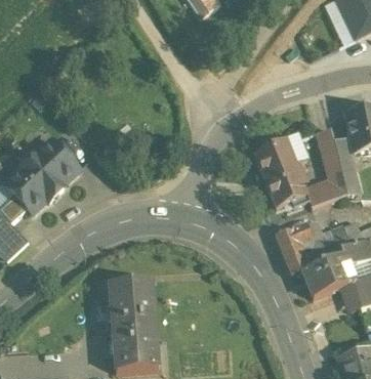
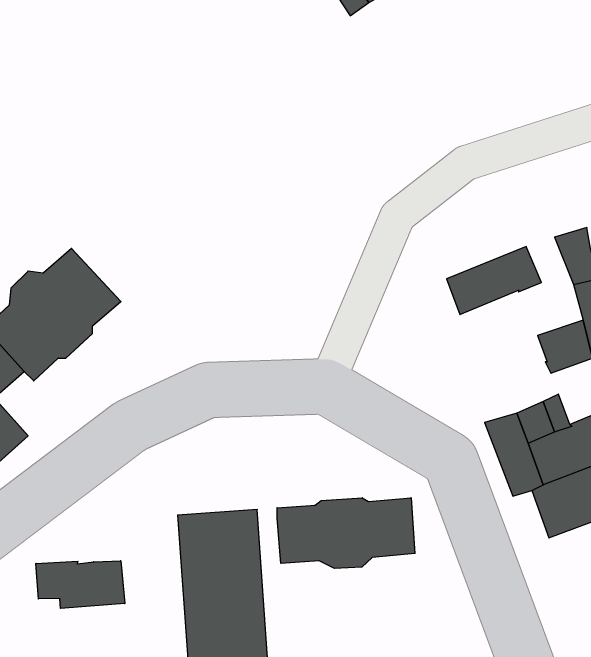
building: [261,163,308,208] -> none
building: none -> [277,498,415,568]
building: none -> [36,561,125,608]

